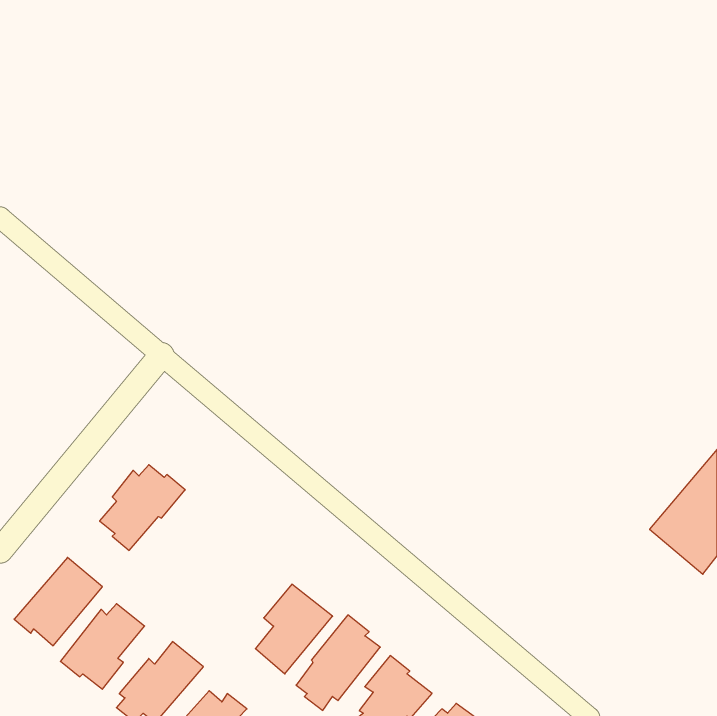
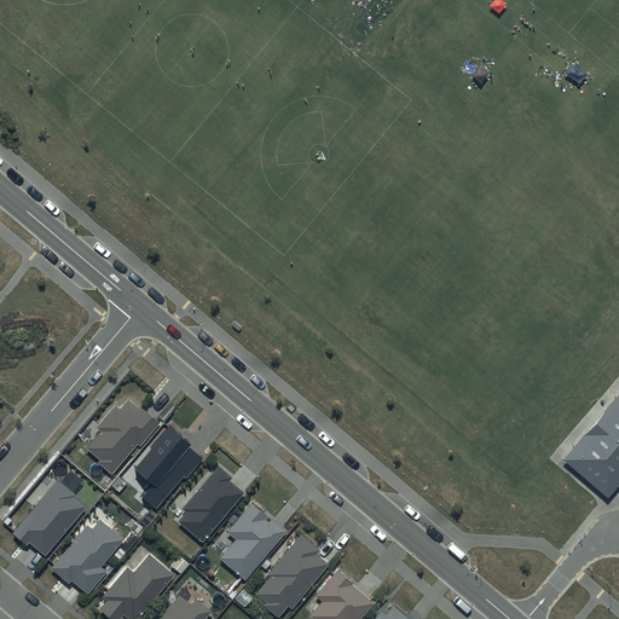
building: none -> [138,426,199,507]
building: none -> [179,468,243,543]

